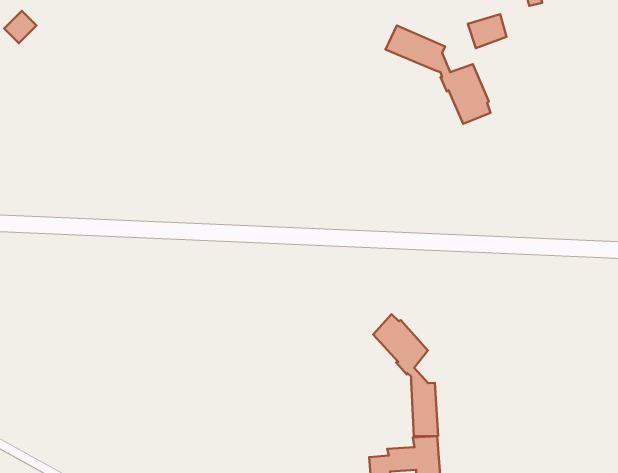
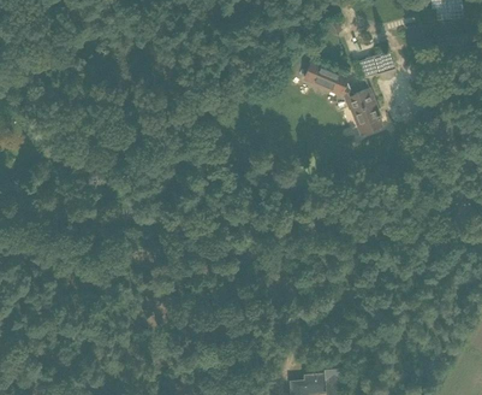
building: [373,314,438,436] -> none

